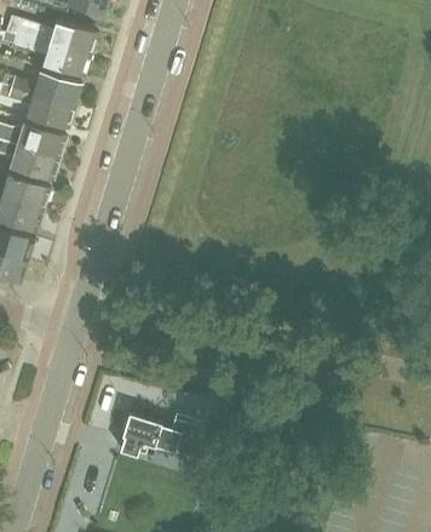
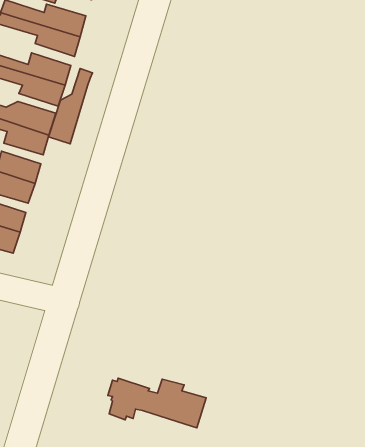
building: none -> [48,68,93,144]

